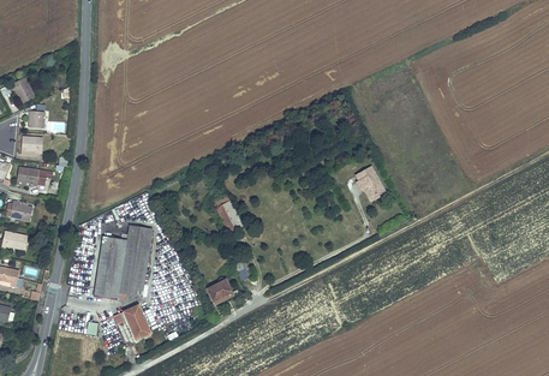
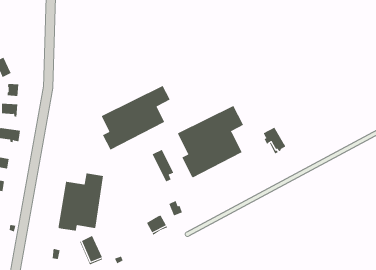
building: none -> [101,85,170,150]
building: none -> [177,105,244,179]

